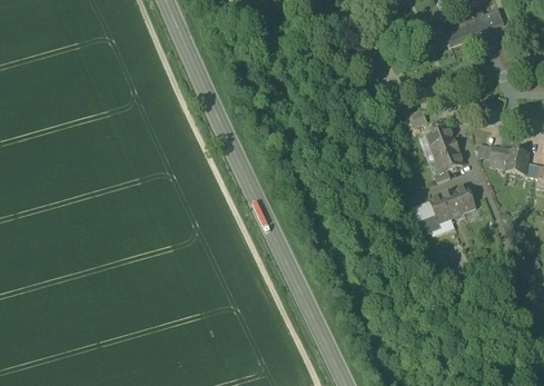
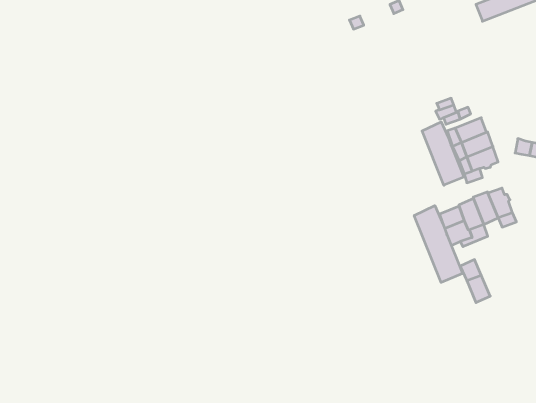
building: none -> [422,122,464,185]
building: none -> [414,206,463,282]

